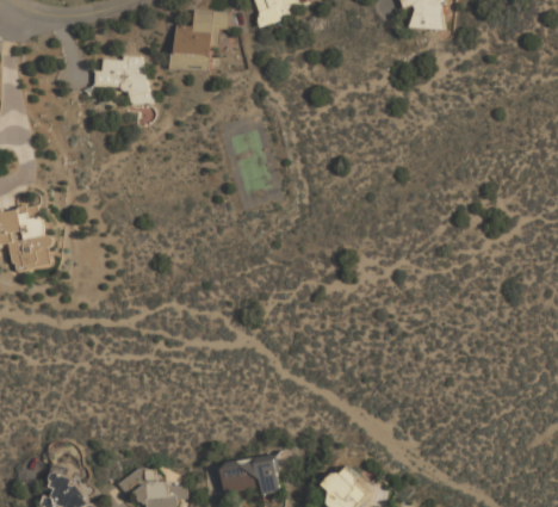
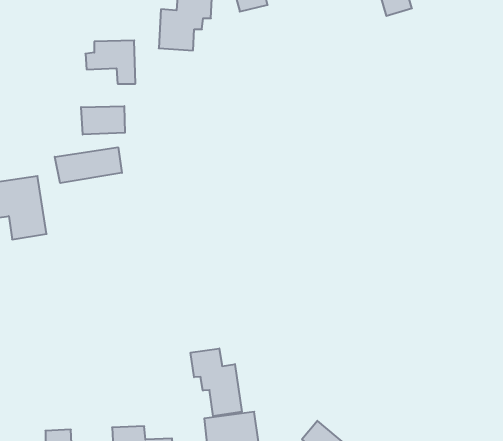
building: none -> [81,106,125,135]
building: none -> [55,147,122,183]
building: none -> [191,348,242,416]

